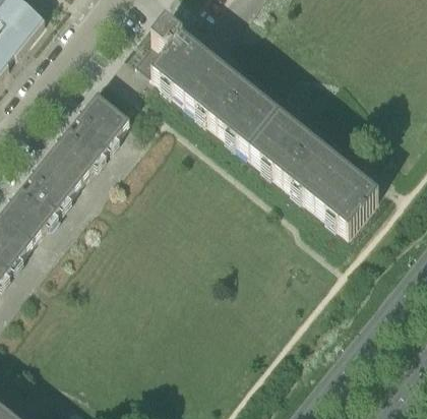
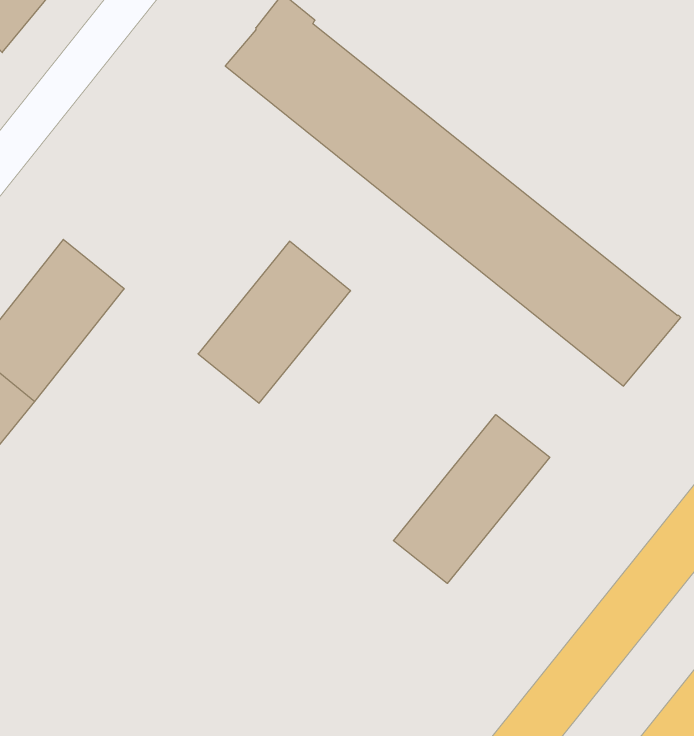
building: [52,89,133,176] -> [198,241,351,403]
building: none -> [393,415,550,583]

